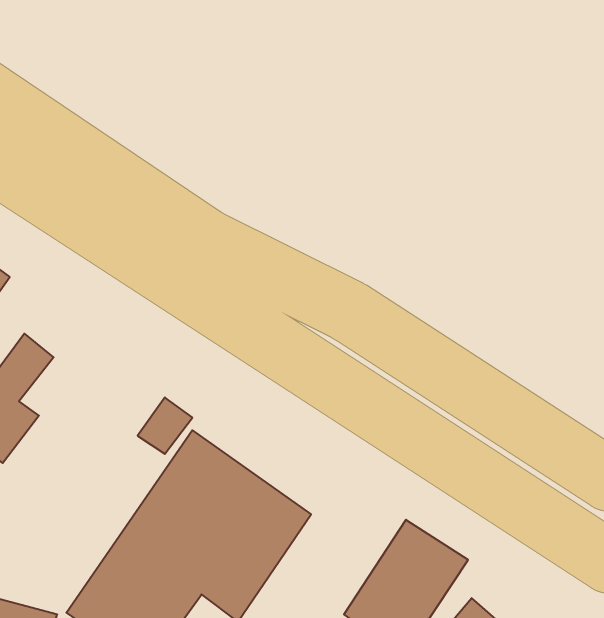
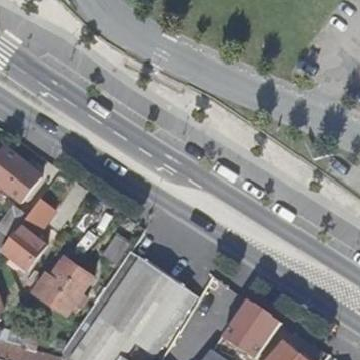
building: none -> [37,254,95,316]

